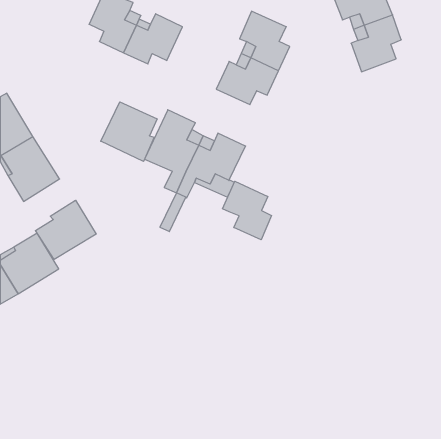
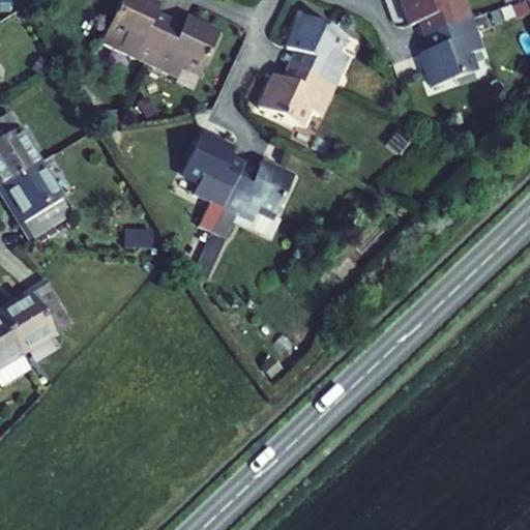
building: [101,102,157,161] -> none
building: [223,181,271,240] -> none
building: [35,200,96,260] -> none

